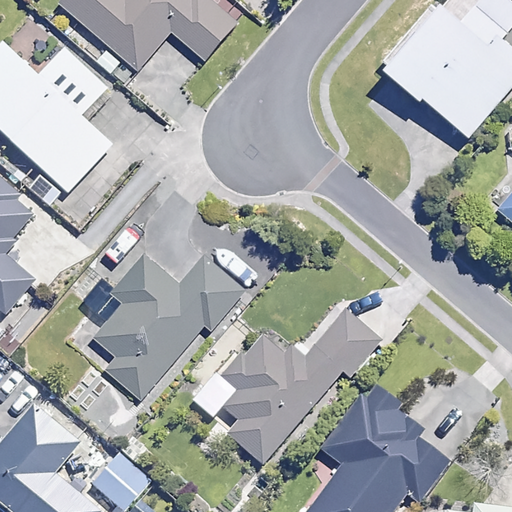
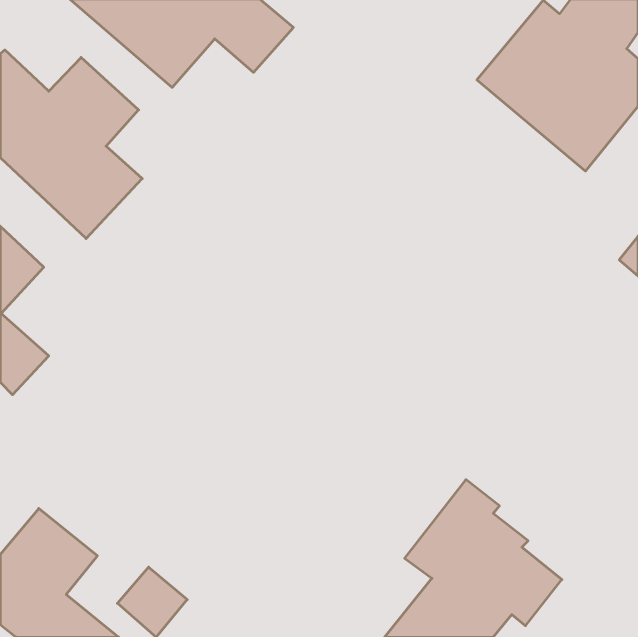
building: [71,254,244,400] -> none
building: [221,311,378,463] -> none

